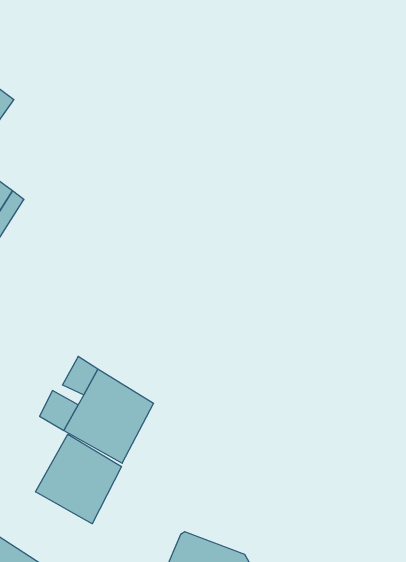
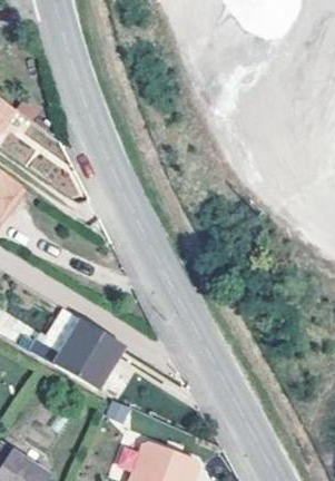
building: [36,434,121,524] -> none

